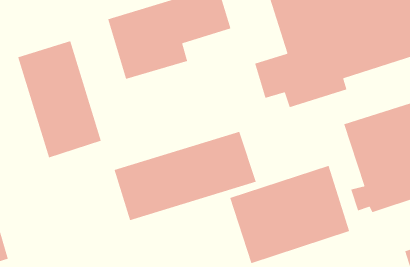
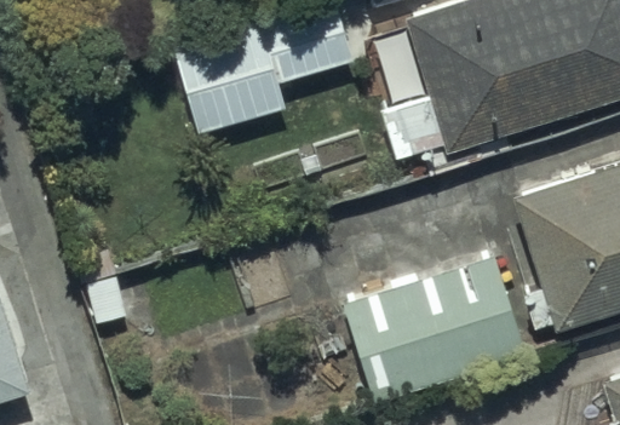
building: [17,40,102,159] -> none
building: [114,131,257,221] -> none

